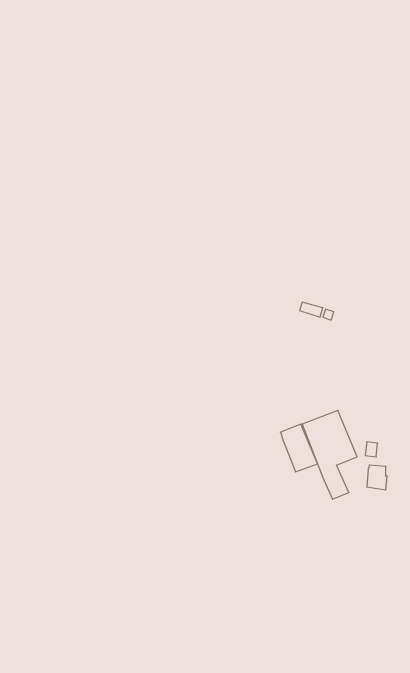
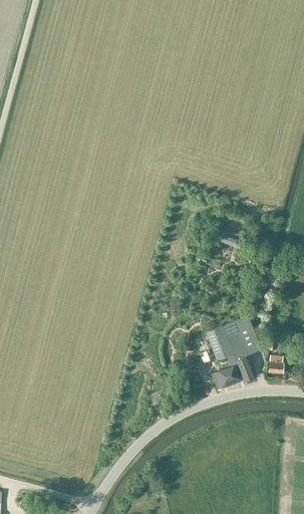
building: none -> [211,364,244,391]

